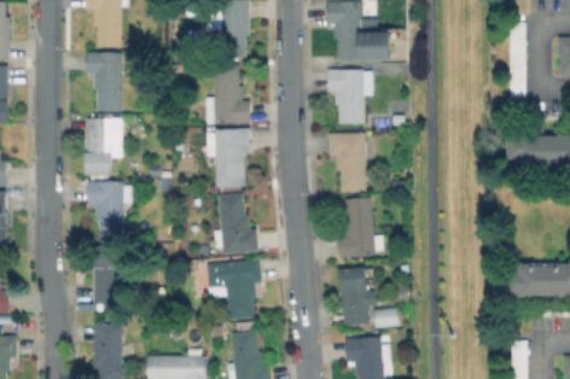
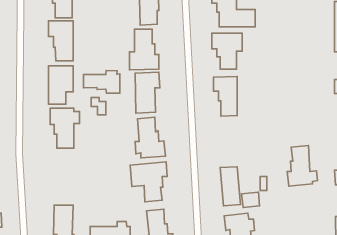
building: none -> [83,71,120,93]
building: [338,198,383,258] -> [287,146,317,186]
building: [93,247,128,303] -> none

